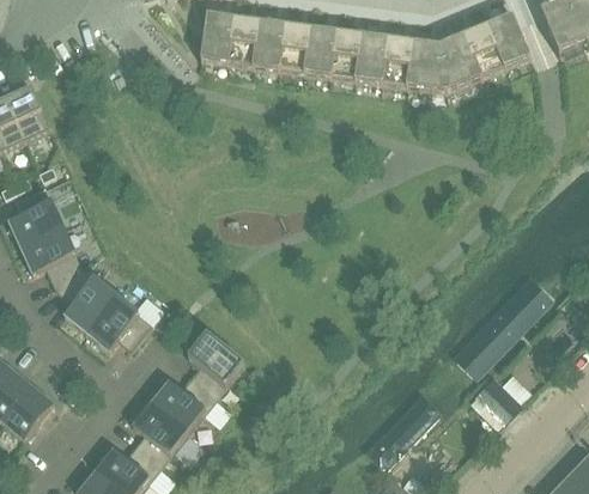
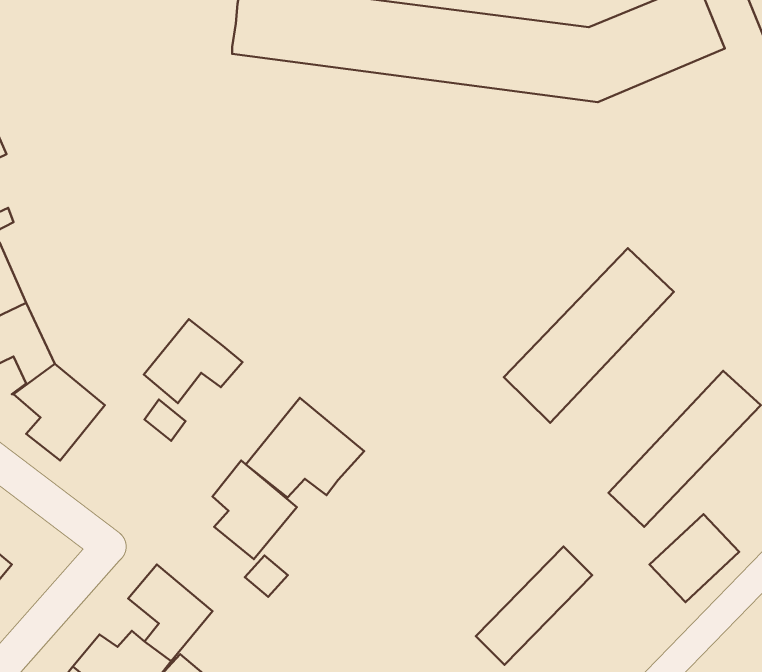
building: none -> [504,248,674,423]
building: none -> [246,398,364,497]
building: [86,295,152,352] -> [144,319,242,403]
building: [151,377,215,433] -> none

